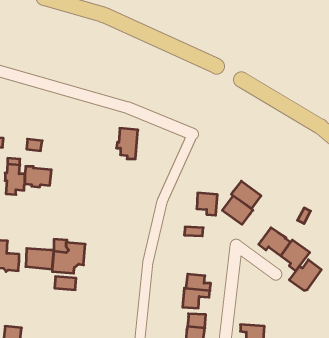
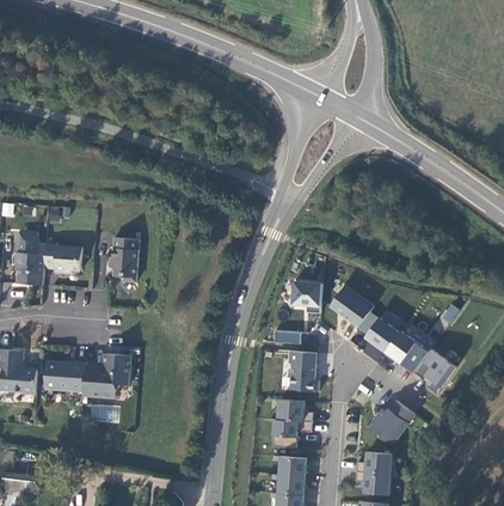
building: [116,128,138,159] -> [107,237,139,281]
building: [231,181,261,208] -> [356,311,399,350]
building: none -> [290,350,320,391]
building: [289,260,321,290] -> [368,400,414,444]
building: none -> [356,451,392,474]

